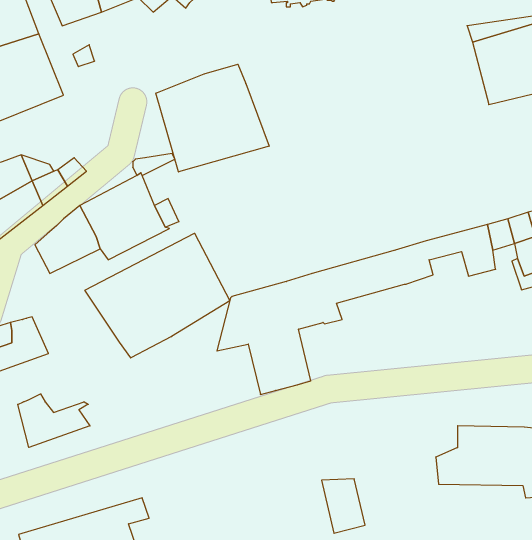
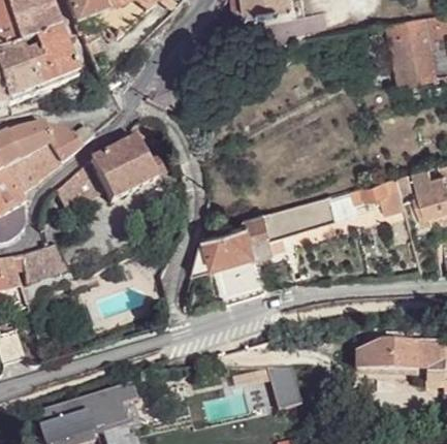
building: [156,64,269,172] -> none
building: [85,233,230,358] -> none
building: [18,394,90,447] -> none

